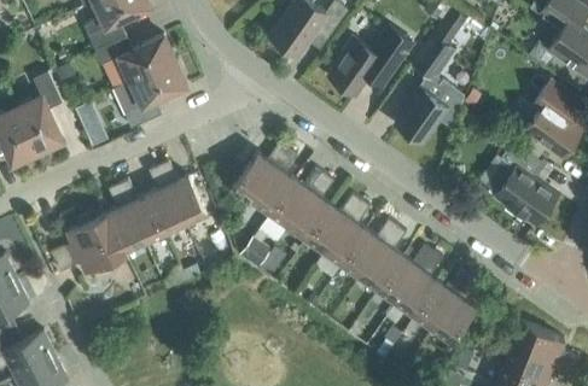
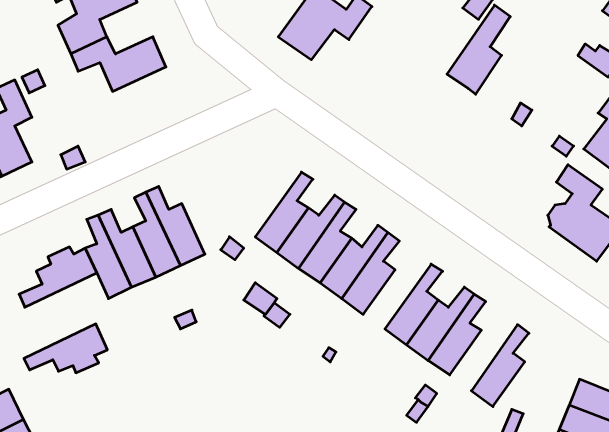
building: [328,27,413,95] -> none
building: [117,60,187,128] -> none
building: [396,78,465,144] -> none
building: [231,141,289,203] -> none
building: [340,220,397,280] -> none
building: [57,233,127,274] -> [24,324,107,373]
building: [413,270,470,332] -> none

